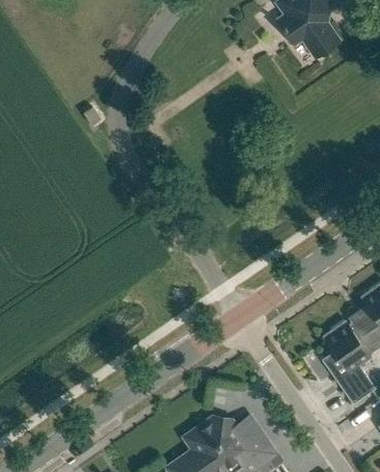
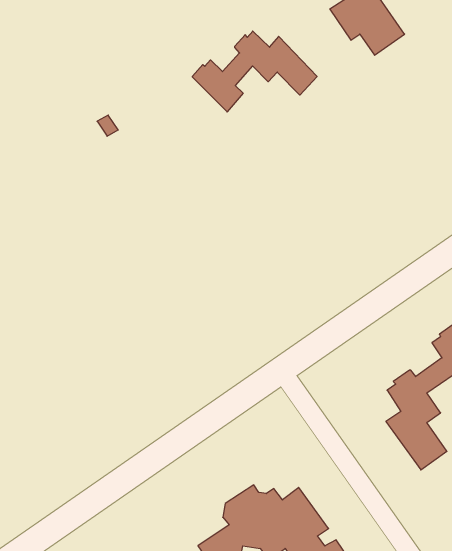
building: none -> [193,31,317,112]

